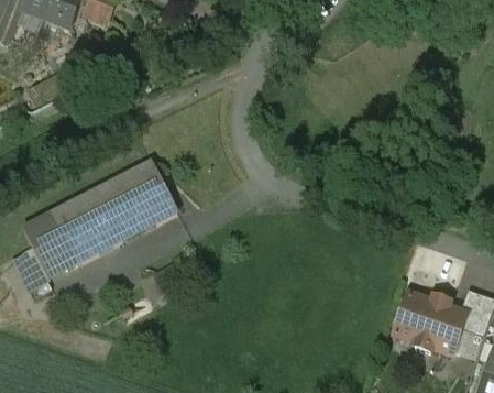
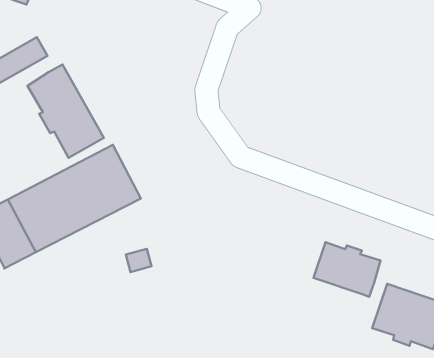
building: none -> [28,64,104,158]
building: none -> [313,242,381,297]

